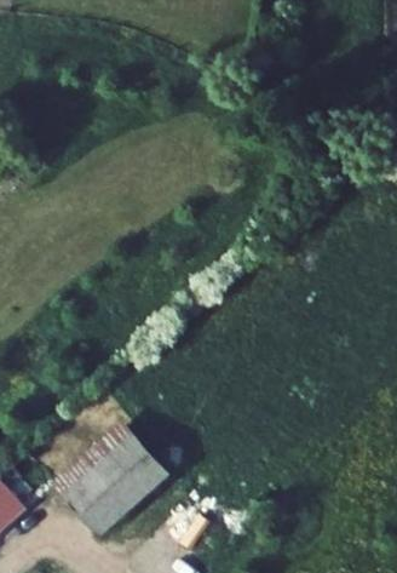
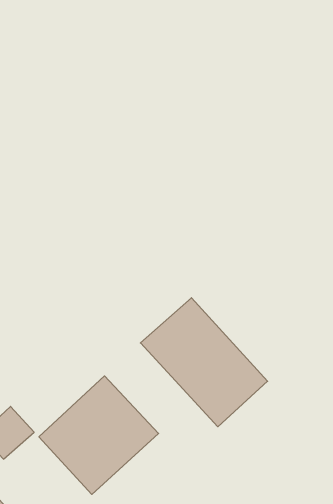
building: none -> [140,298,268,427]

